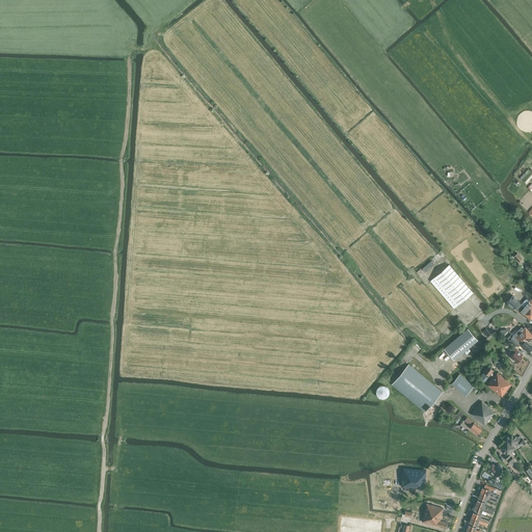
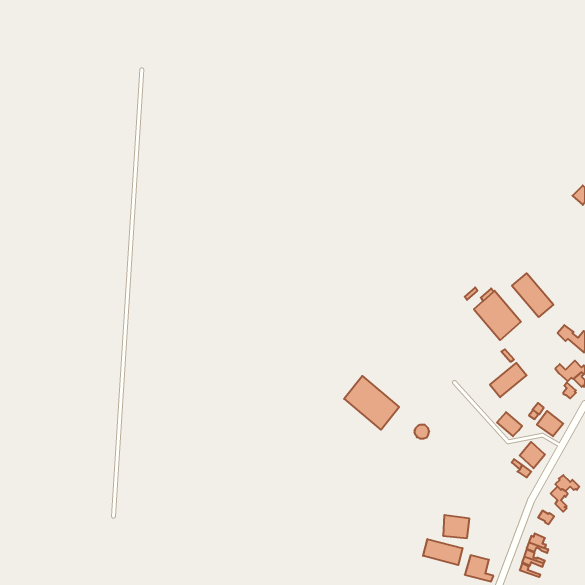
building: none -> [512,273,553,317]
building: [392,364,442,413] -> [344,376,399,430]
building: none -> [423,539,463,565]

